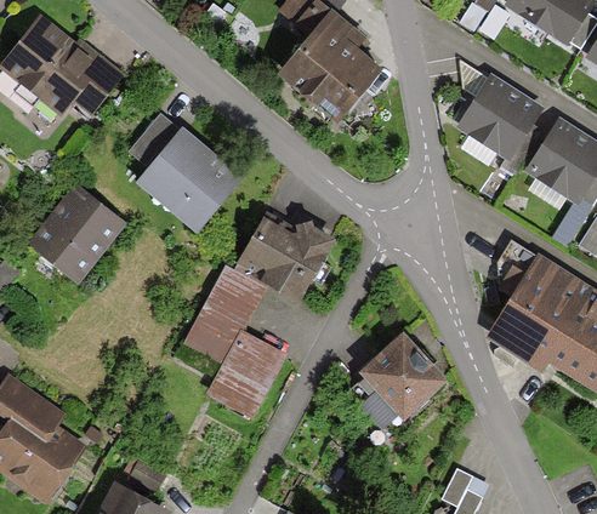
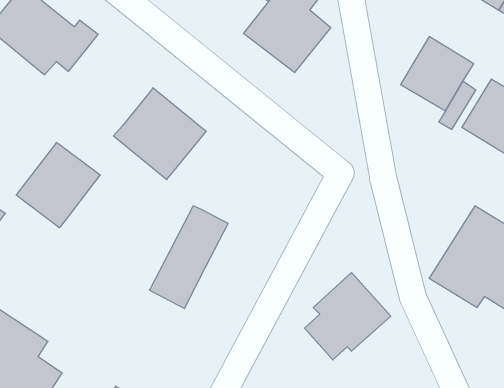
building: [129,118,180,172] -> none
building: [235,215,335,298] -> none
building: [210,327,285,413] -> none

